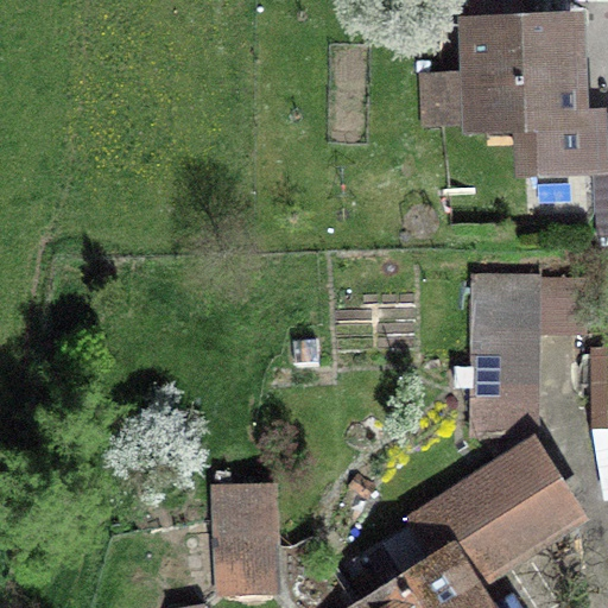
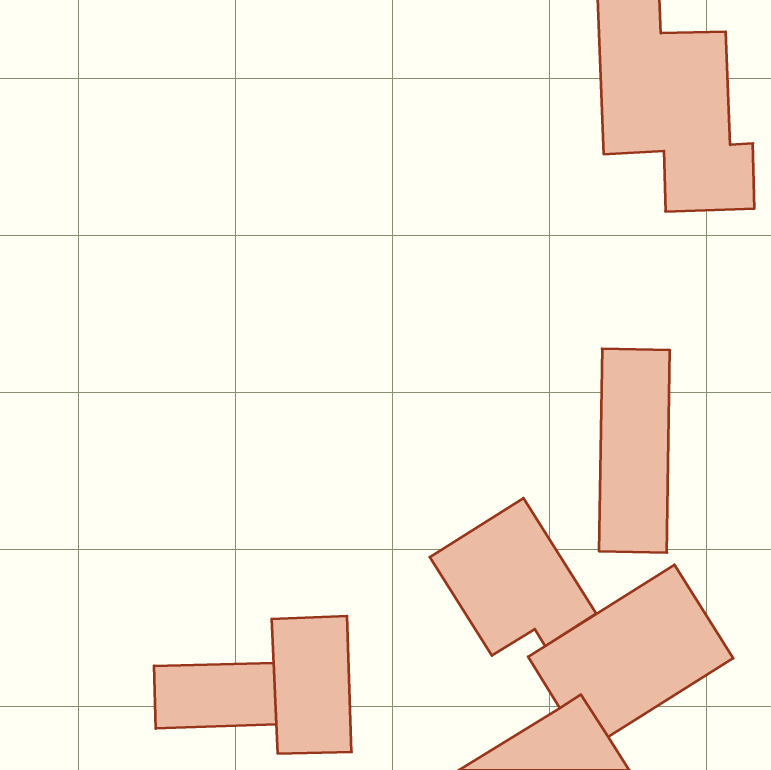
building: none -> [430,498,596,656]
building: none -> [154,663,276,729]

